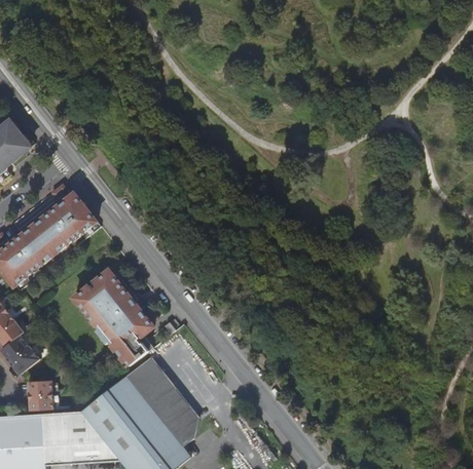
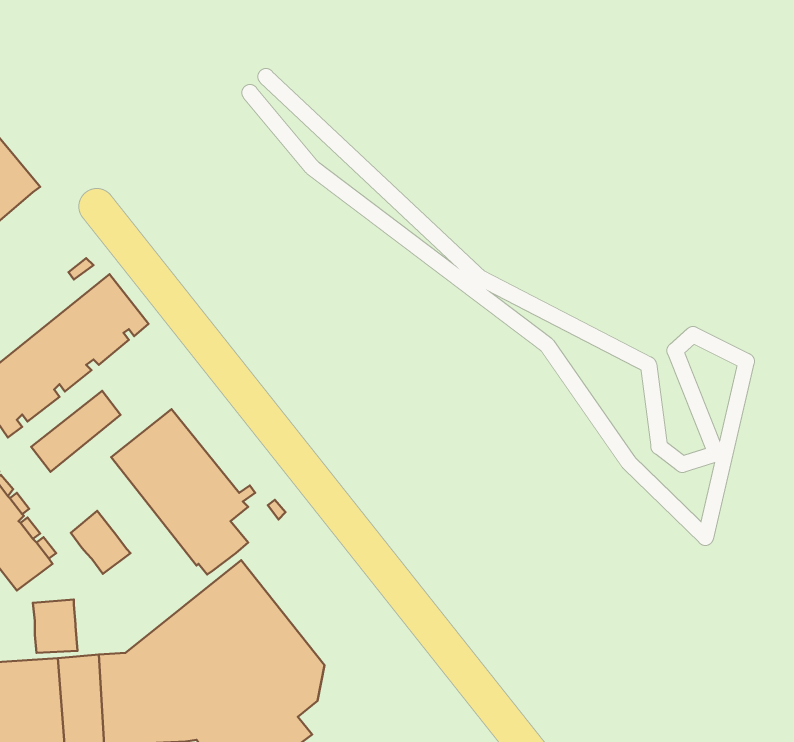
building: none -> [31,391,121,472]
building: none -> [71,511,131,574]

